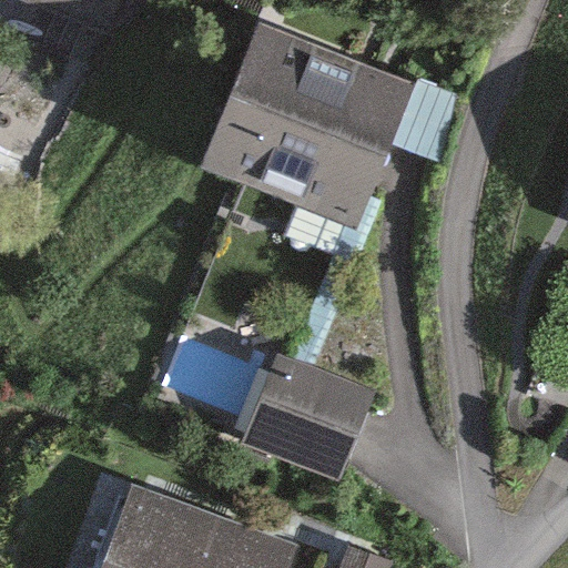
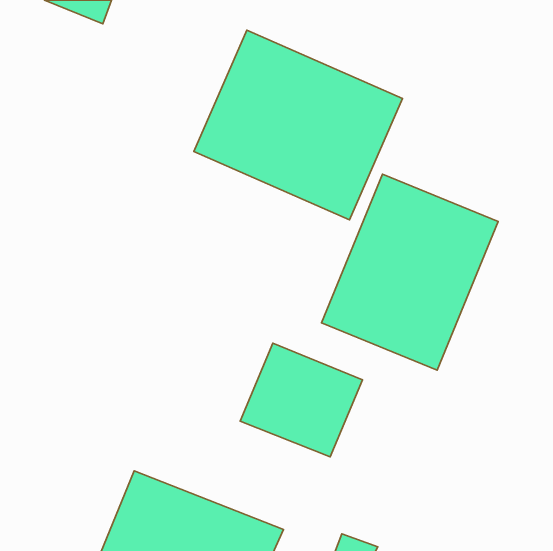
building: none -> [322,174,498,370]

